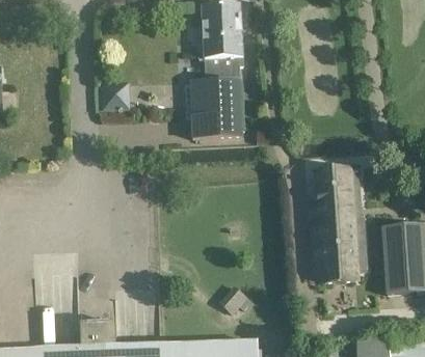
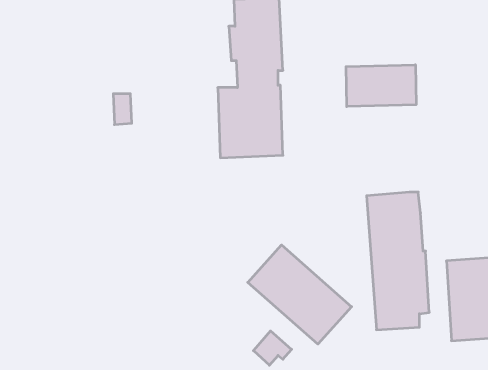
building: none -> [346,65,416,107]
building: none -> [248,245,352,344]

